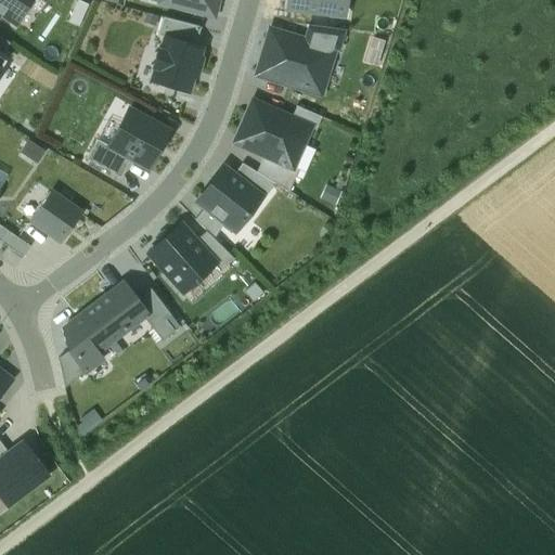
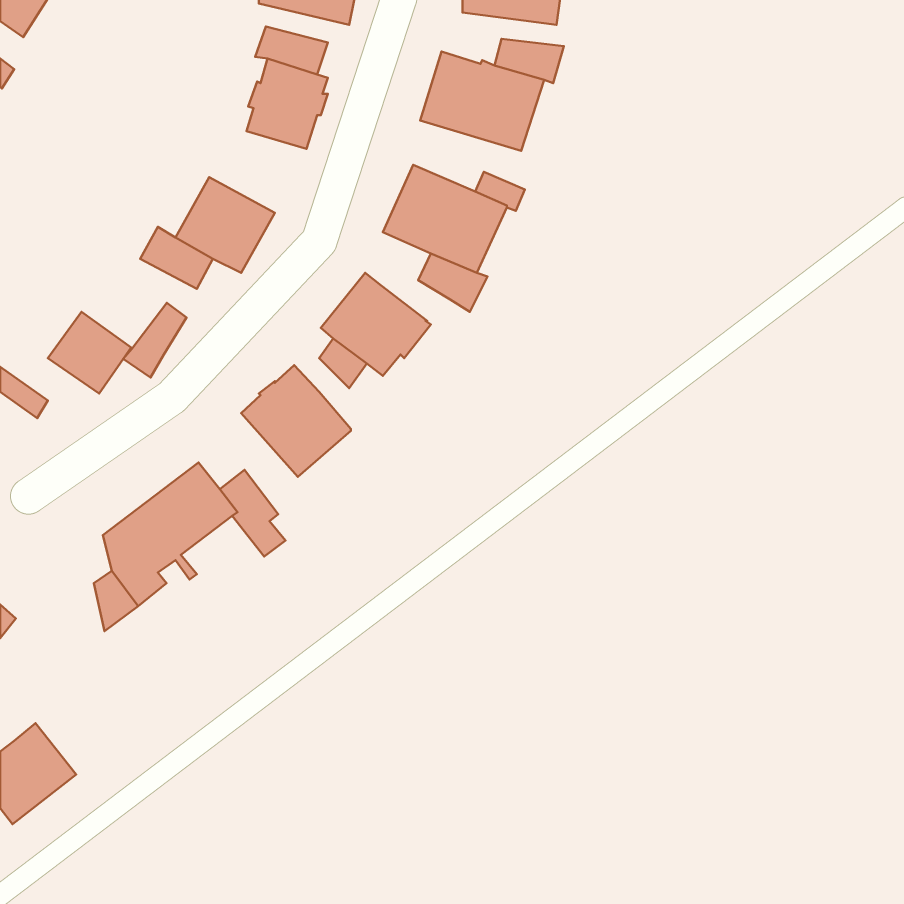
building: [234,163,276,198] -> none
building: none -> [123,303,186,377]
building: [196,230,234,270] -> none

